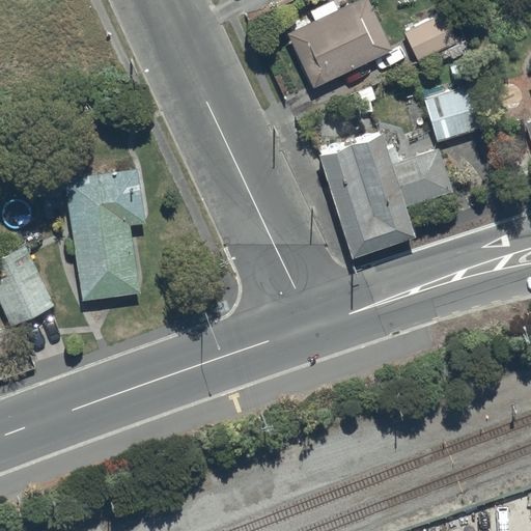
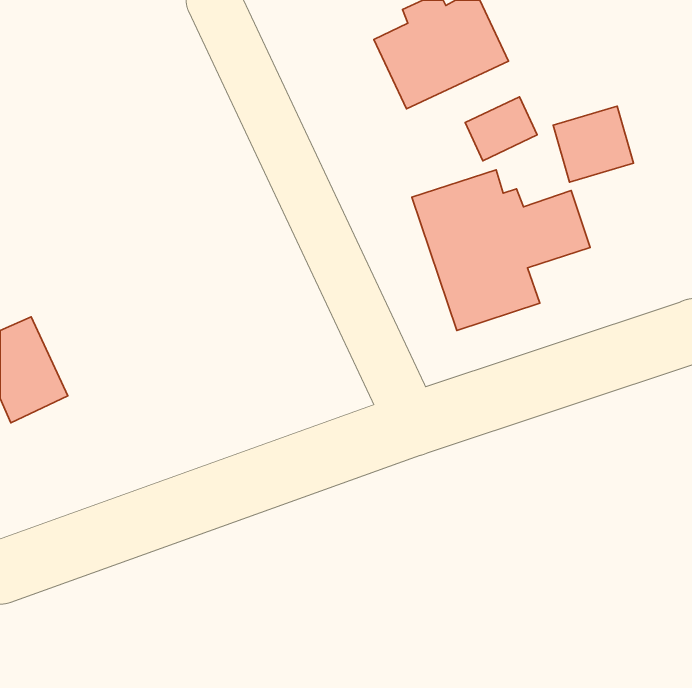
building: [403,15,458,63] -> [465,97,537,161]
building: [65,170,146,301] -> none

